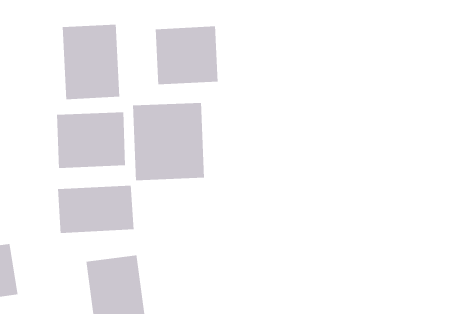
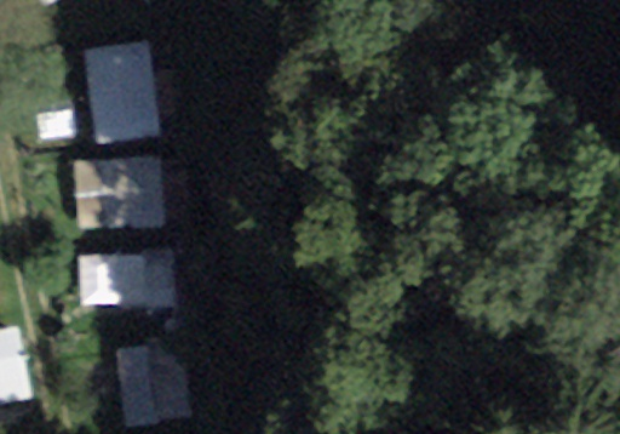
building: [155,26,219,85] -> none
building: [132,102,205,181] -> none

